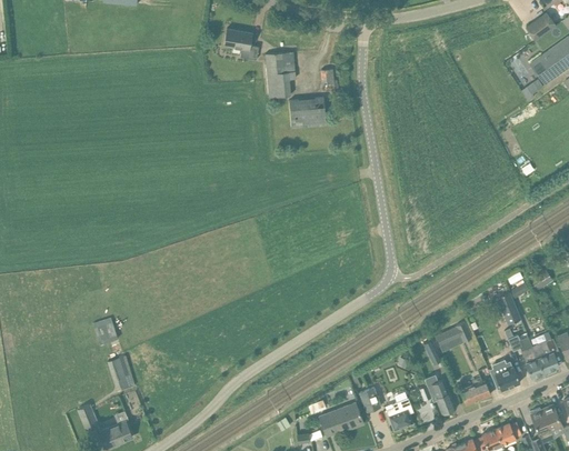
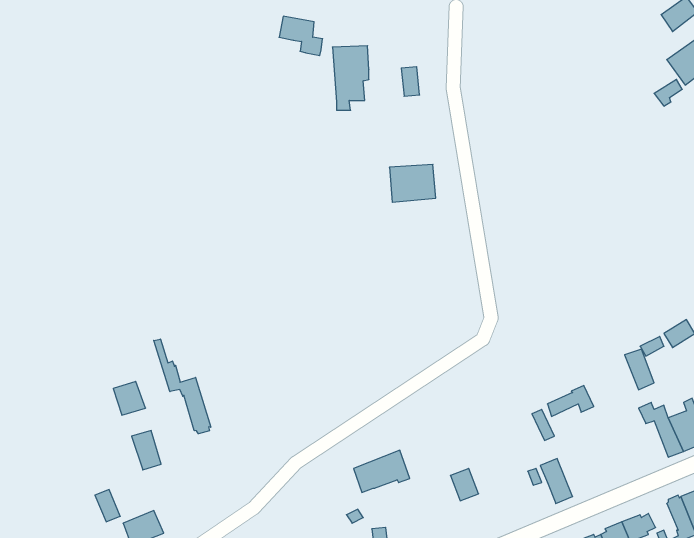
building: [289,98,326,128] -> [389,164,436,202]
building: none -> [154,339,211,434]
building: [489,360,520,390] -> none
building: [460,377,490,404] -> none
building: [386,398,413,430] -> none
building: [319,402,363,435] -> [354,450,410,492]

